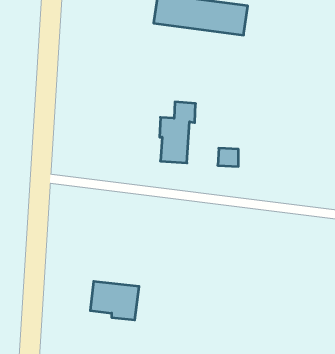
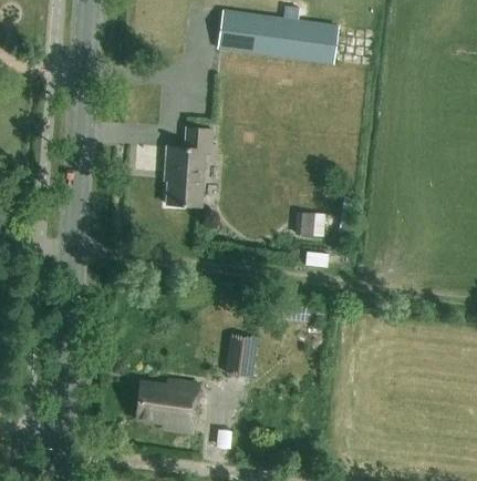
building: [160,102,196,163] -> [166,127,212,206]
building: none -> [226,335,257,376]

